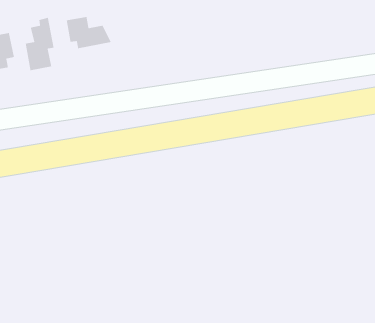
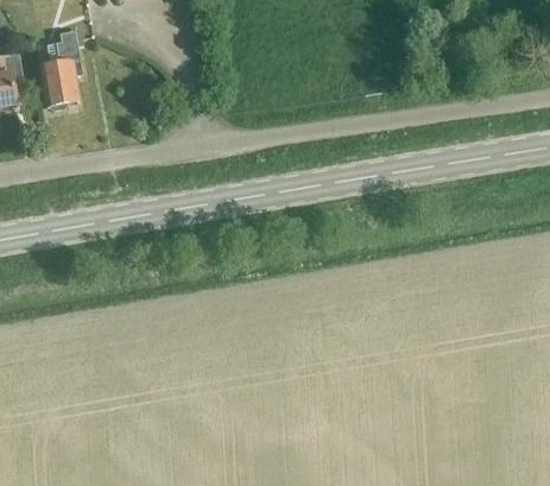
building: [66,16,112,49] -> none

